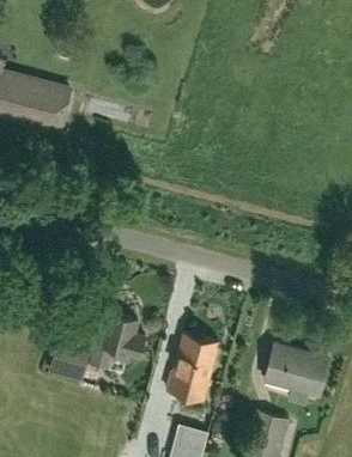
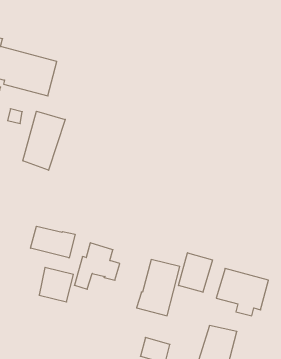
building: none -> [23,111,65,170]
building: none -> [31,226,75,258]
building: none -> [179,253,213,292]

